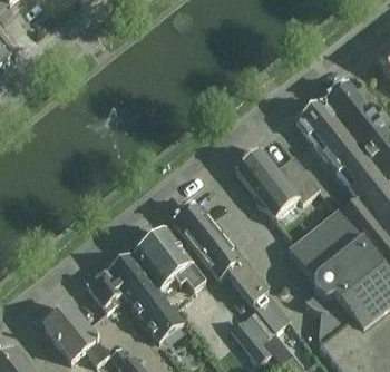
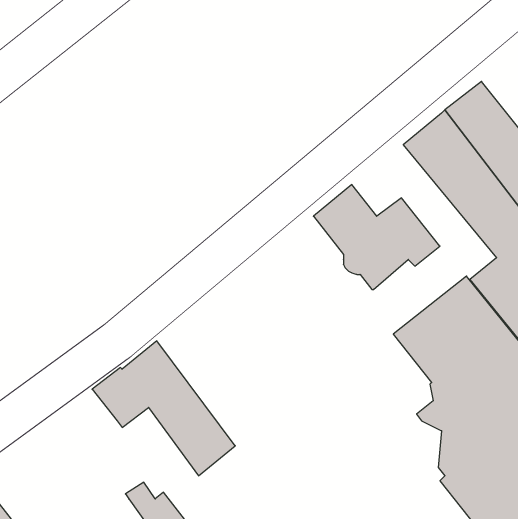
building: [170,202,292,363] -> none
building: [134,229,205,290] -> none
building: [42,305,108,364] -> none

